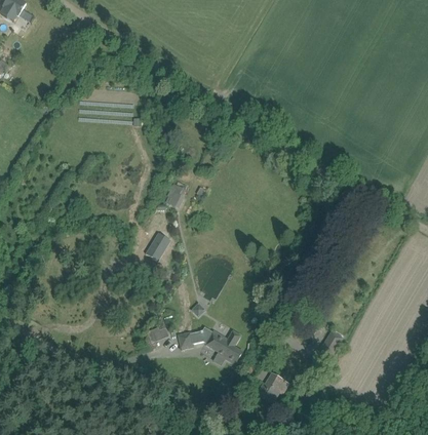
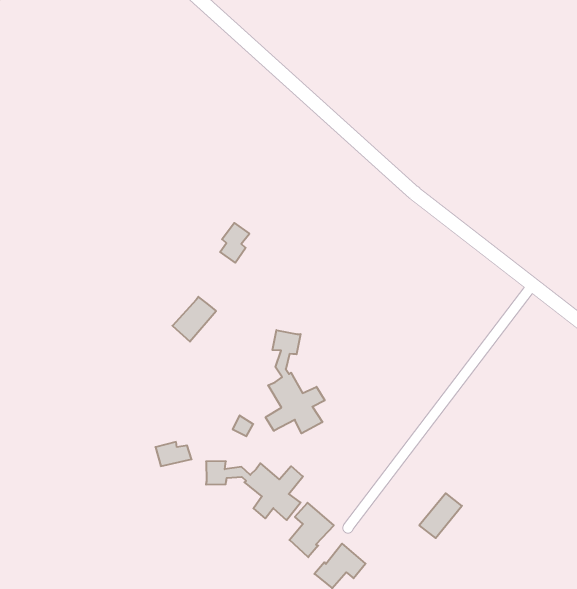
building: none -> [266,330,325,433]
building: none -> [289,503,334,557]

